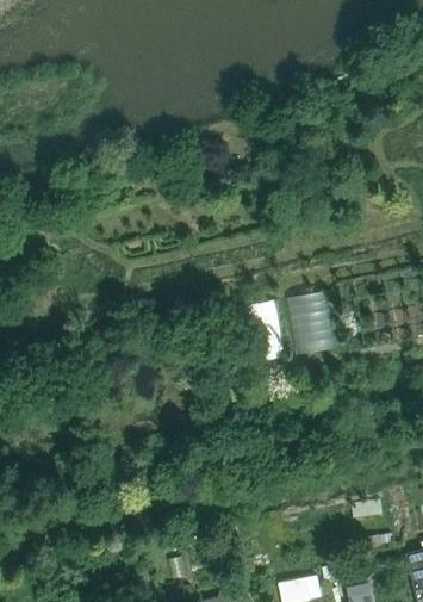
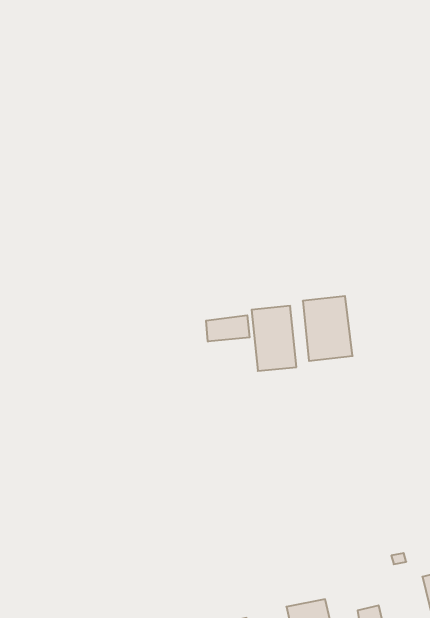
building: none -> [206,315,250,342]

